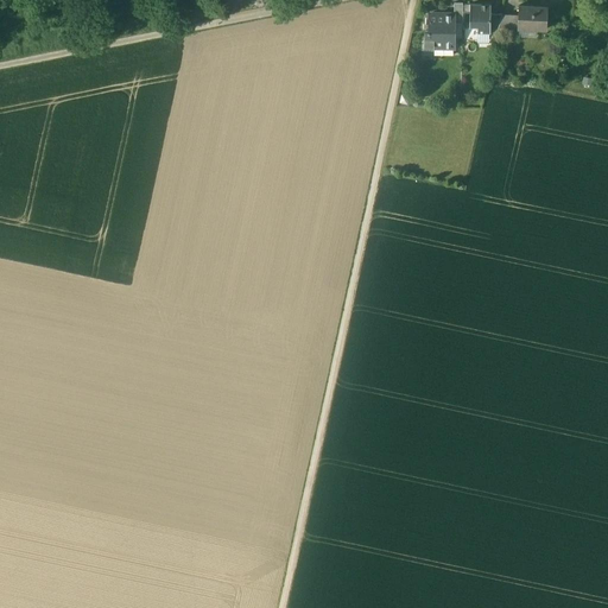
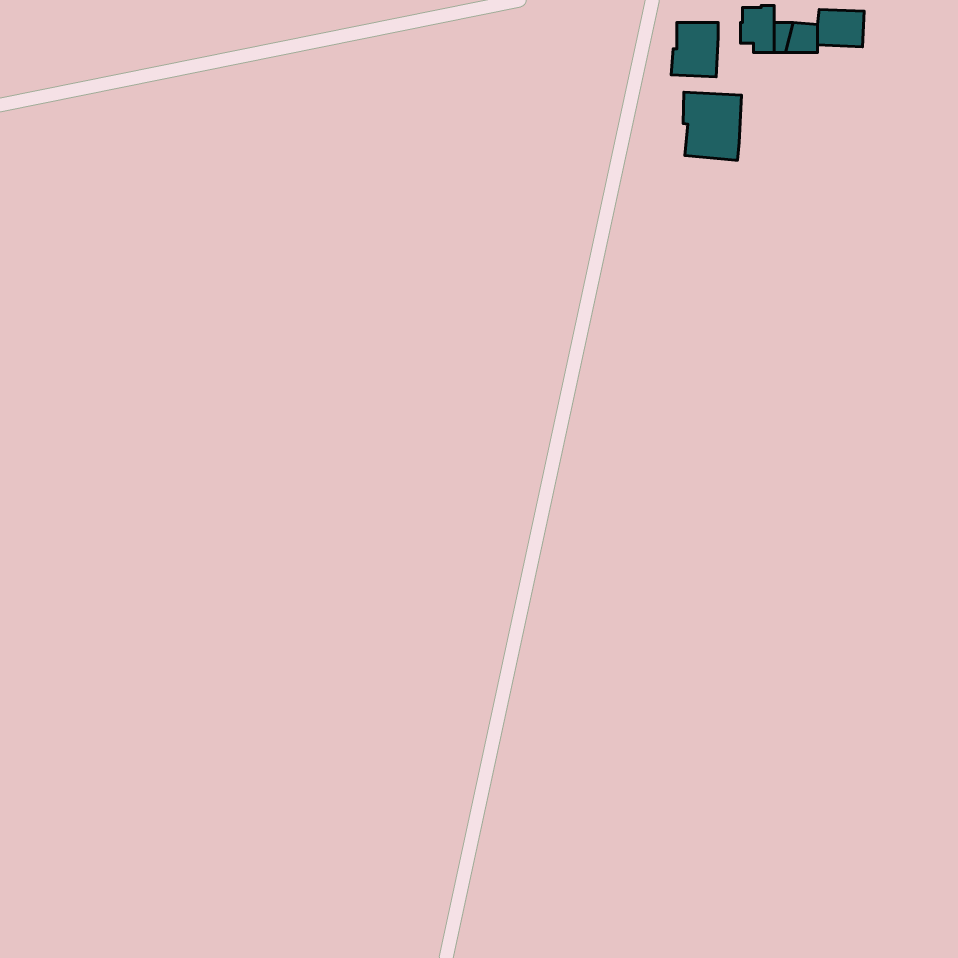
building: none -> [683,92,741,160]

